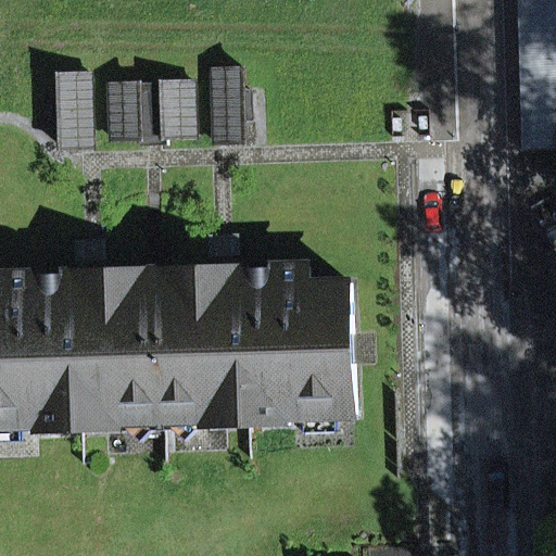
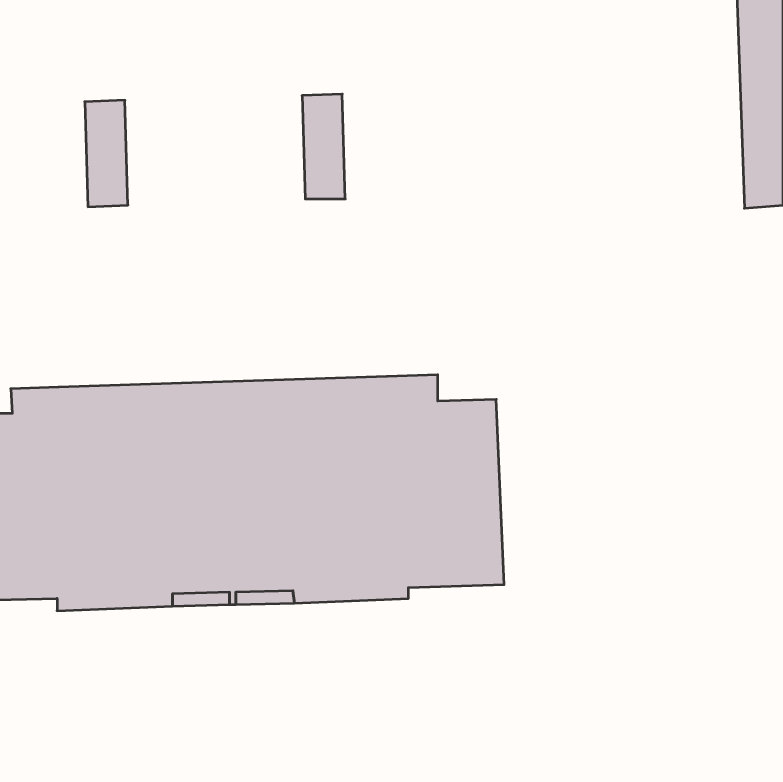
building: [110,79,193,143] -> none

